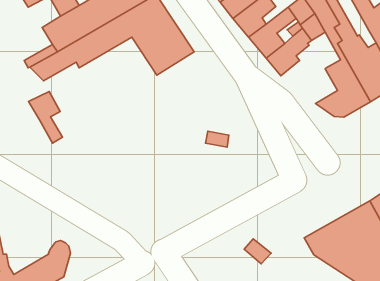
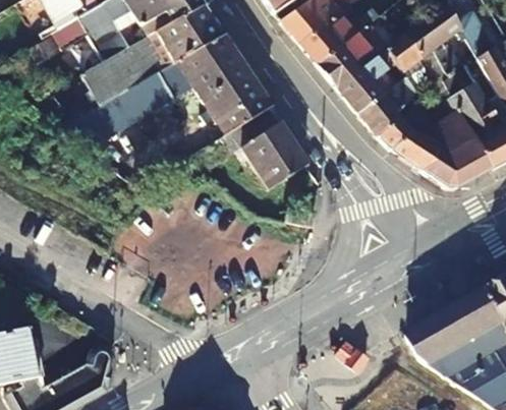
building: none -> [380,103,451,171]
building: none -> [187,106,308,189]
building: [29,91,62,143] -> none

